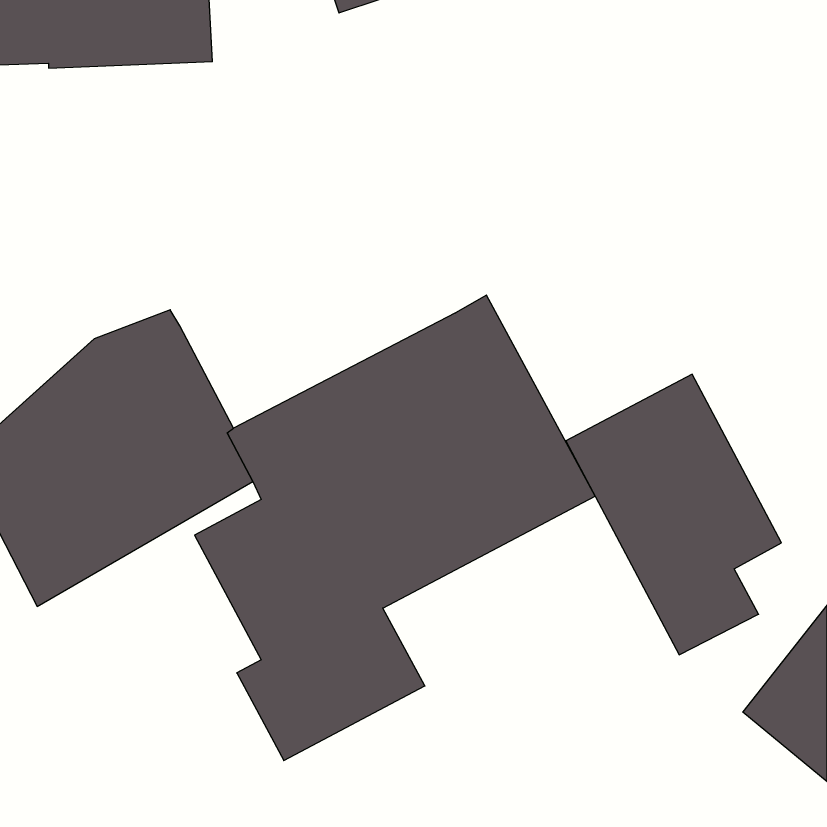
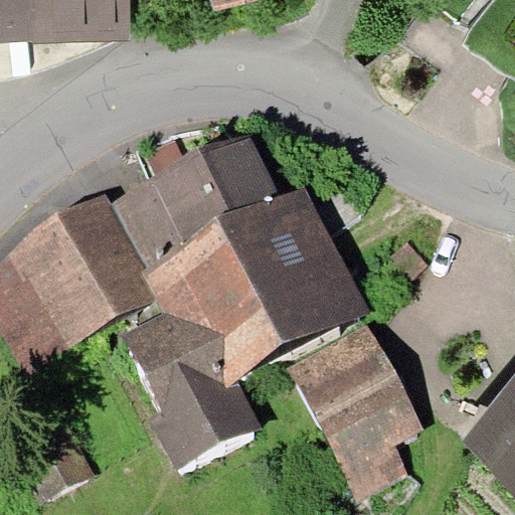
building: none -> [112,131,283,266]
building: [566,374,781,655] -> [290,325,423,499]

